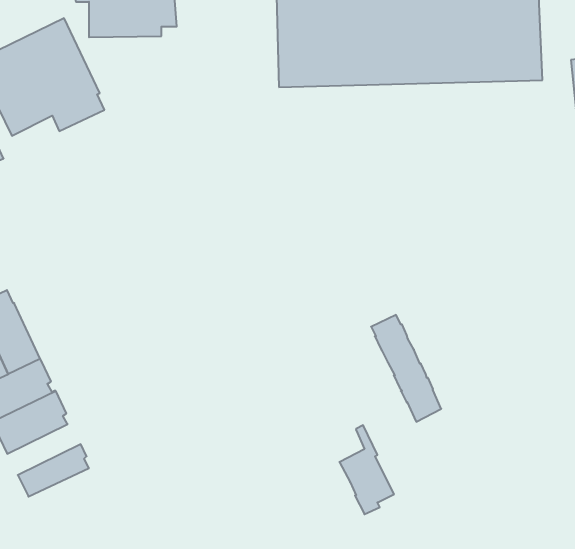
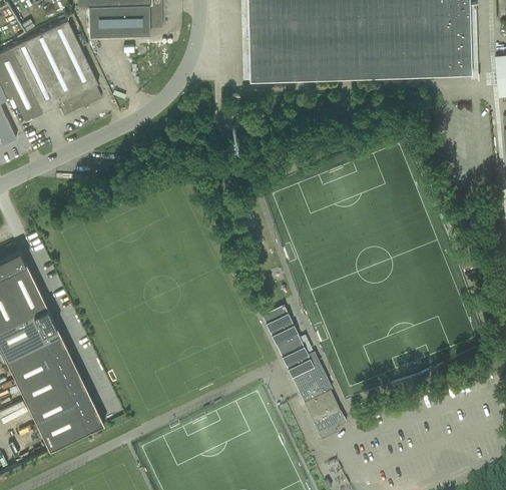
building: [371,315,441,422] -> [263,306,322,396]
building: none -> [20,364,82,407]
building: none -> [38,401,104,451]

